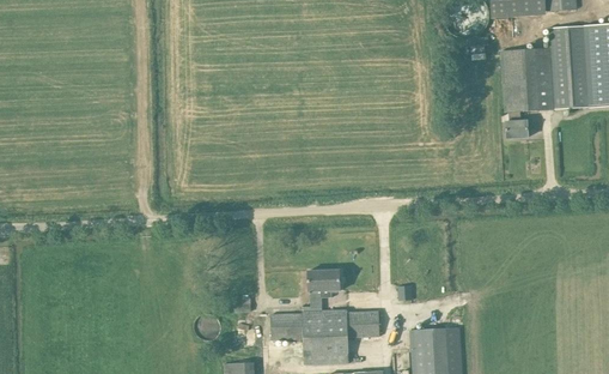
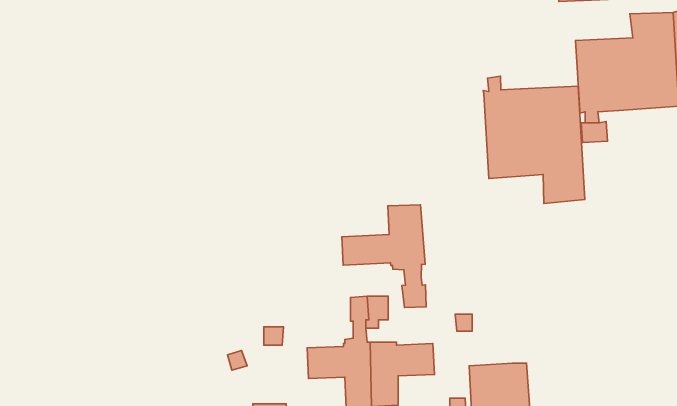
building: none -> [483,76,585,203]
building: none -> [342,205,426,307]

